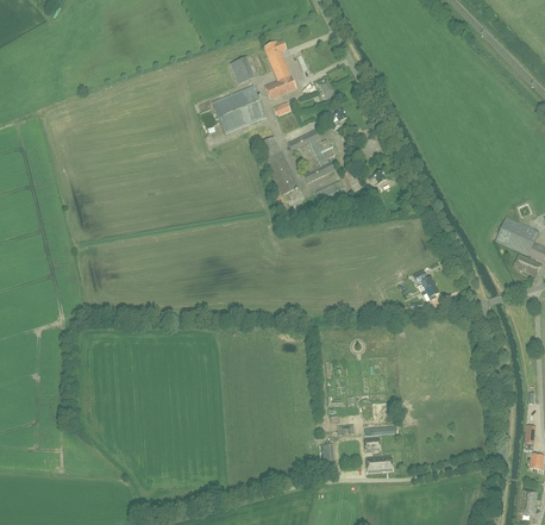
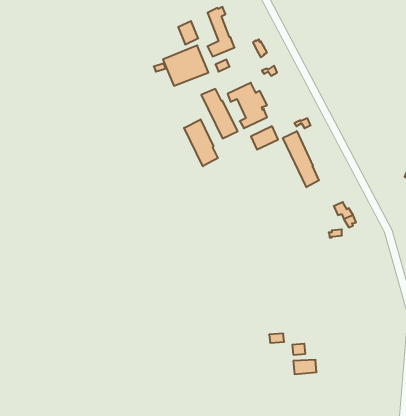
building: none -> [184,119,218,166]
building: none -> [283,131,319,187]

